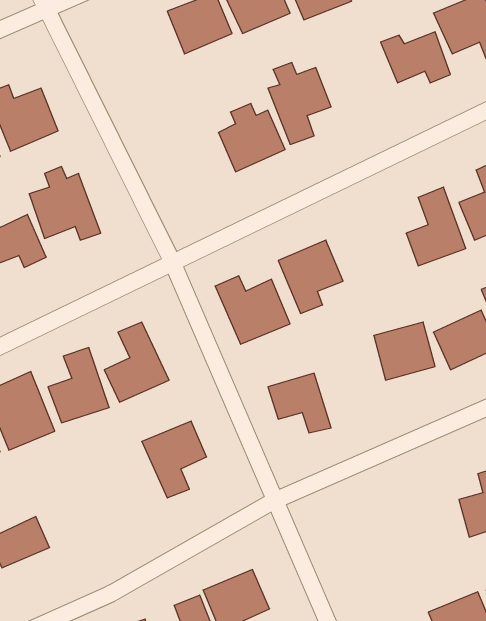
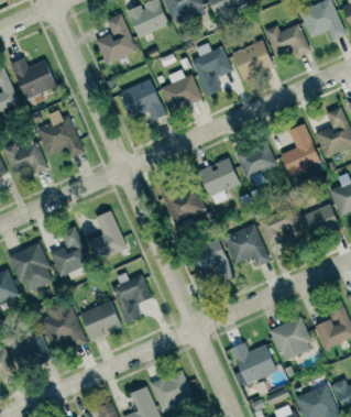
building: none -> [96,13,136,64]
building: none -> [231,40,274,78]
building: none -> [120,79,164,120]
building: none -> [235,141,276,178]
building: none -> [222,223,271,266]
building: none -> [40,298,85,353]
building: none -> [79,300,121,340]
building: none -> [270,317,314,362]
building: none -> [230,342,276,385]

